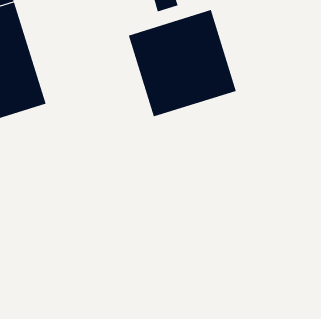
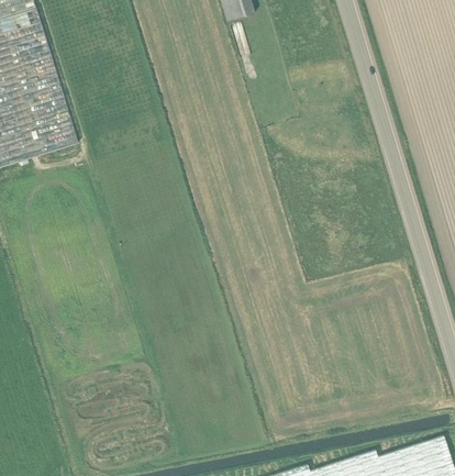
building: [128,9,236,117] -> none

